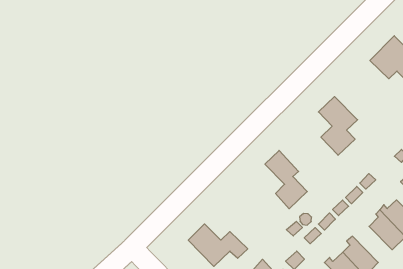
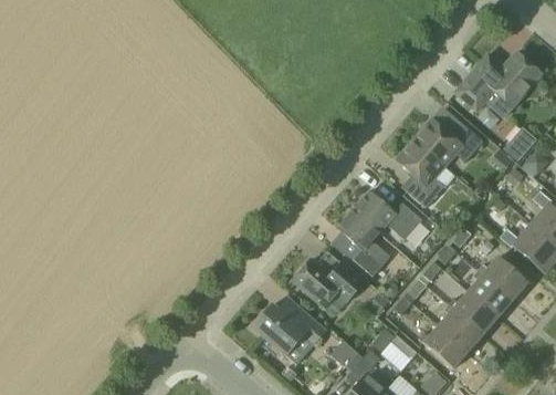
building: none -> [415,118,484,165]
building: none -> [354,191,422,240]
building: none -> [294,259,365,306]
building: none -> [450,291,499,333]

